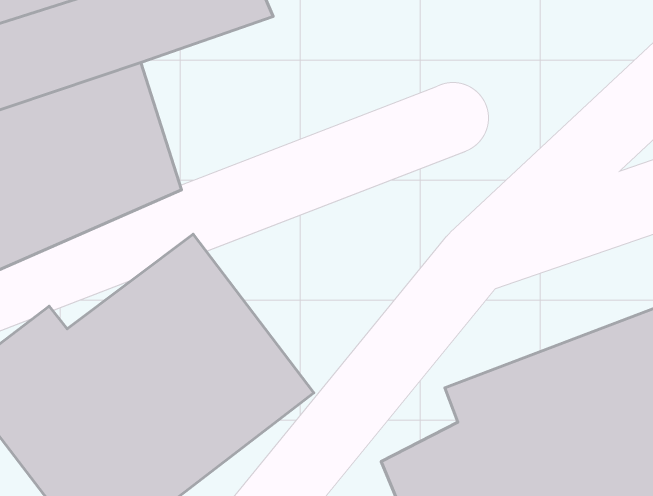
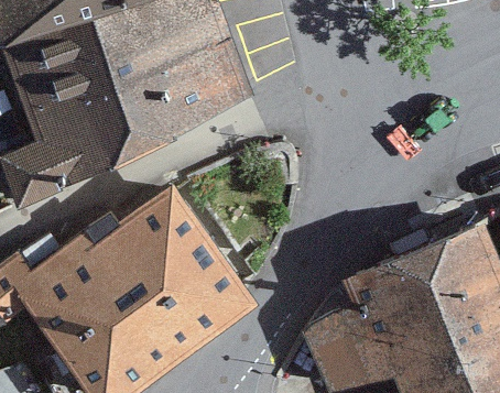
building: none -> [139,32,253,149]

